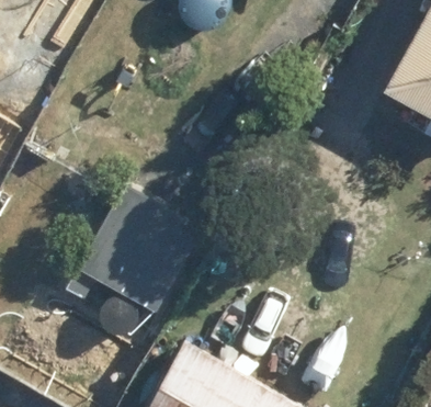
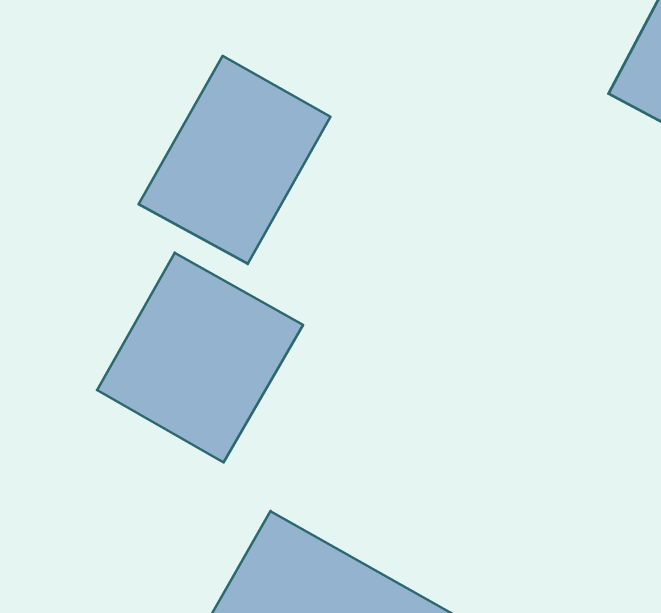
building: none -> [139,56,330,264]

